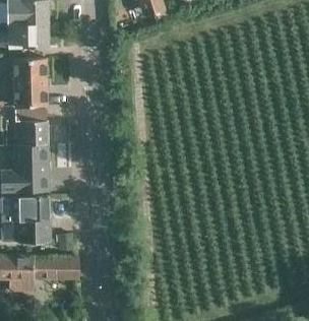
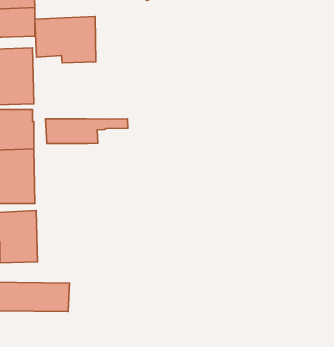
building: none -> [35,16,96,63]
building: none -> [46,119,128,143]

